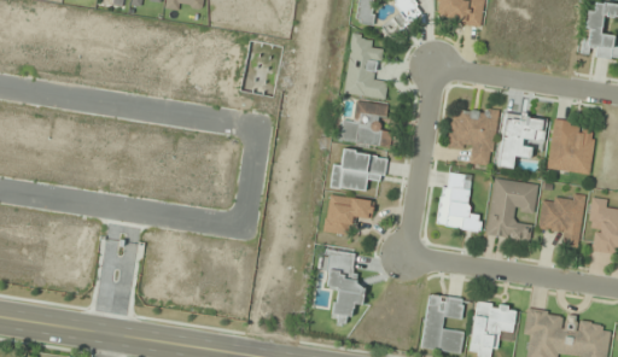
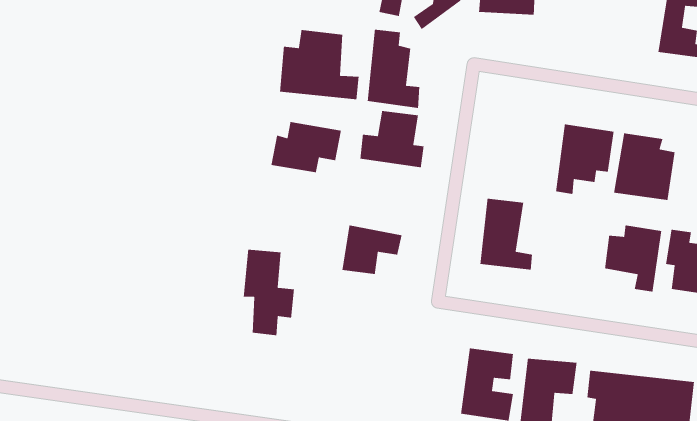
building: none -> [279,29,360,100]
building: [447,106,500,166] -> none
building: [330,150,387,192] -> [270,121,342,173]
building: [485,177,538,240] -> none
building: [325,250,367,321] -> [243,249,295,336]

